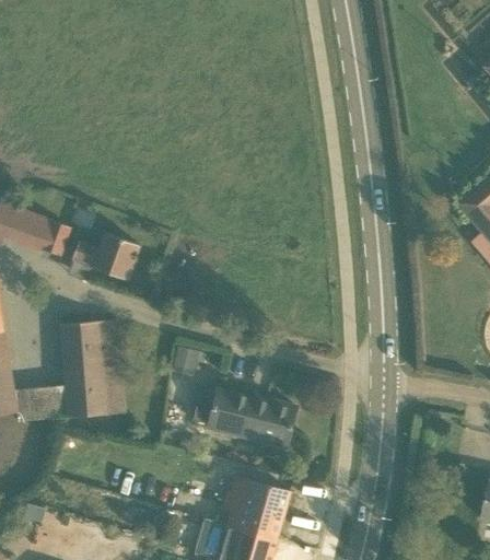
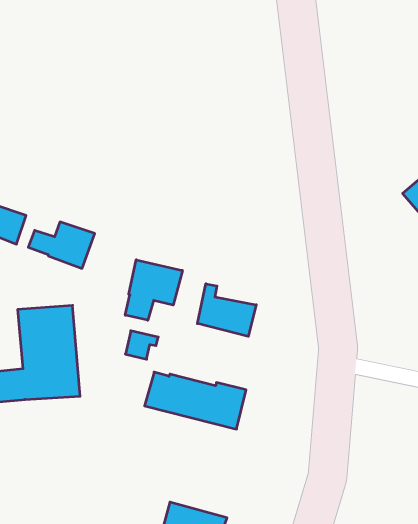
building: none -> [125,260,182,320]
building: none -> [197,284,256,336]
building: [219,477,292,539] -> none

